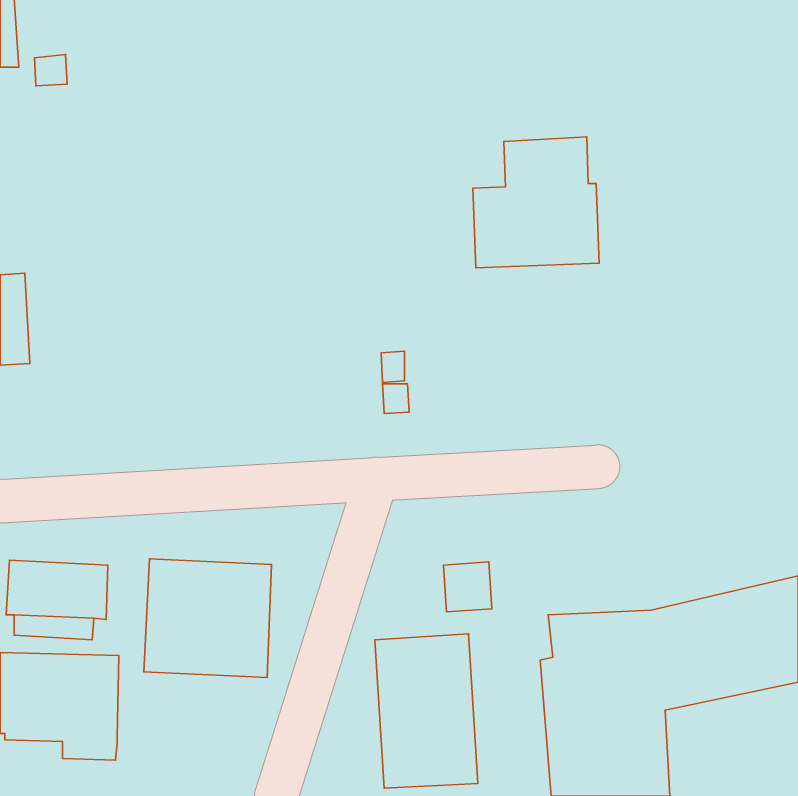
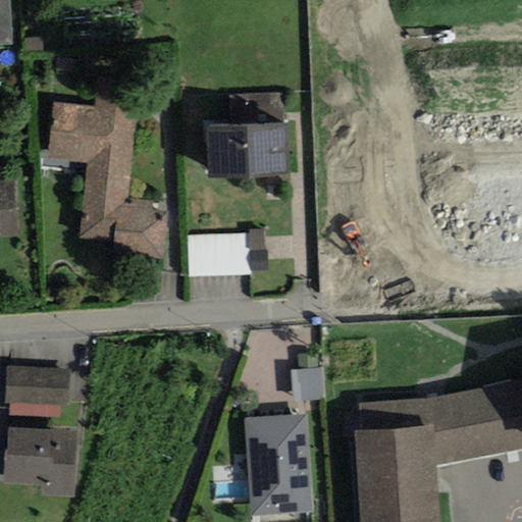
building: [473,137,599,268] -> [207,92,290,177]
building: none -> [48,93,168,260]
building: none -> [188,233,247,275]
building: [144,559,272,678] -> none

